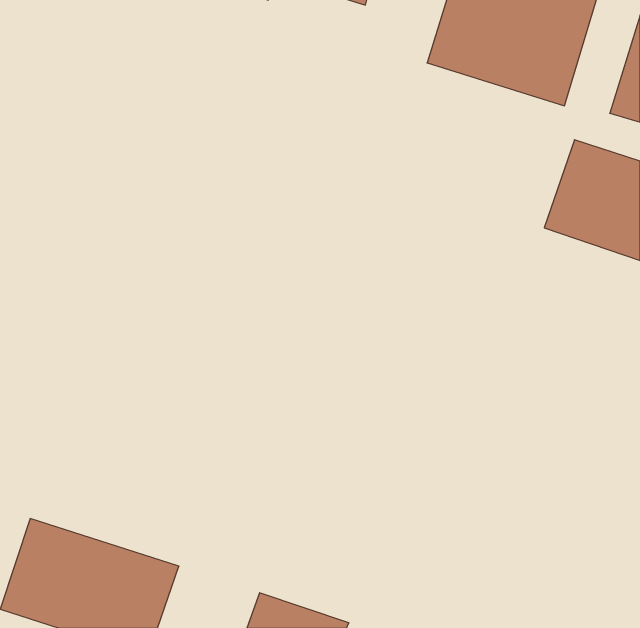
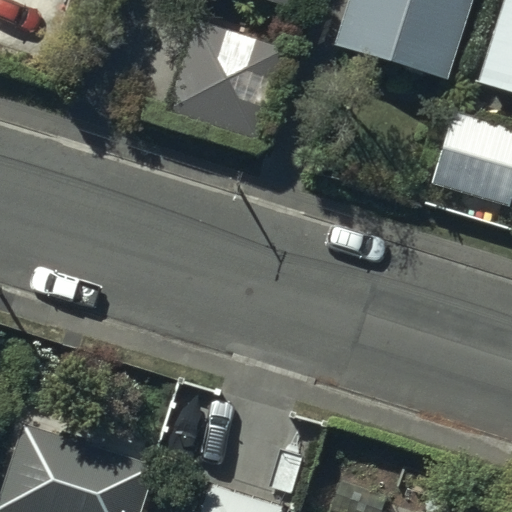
building: none -> [172,29,280,137]

